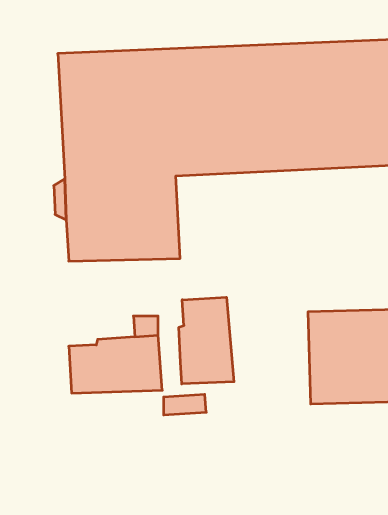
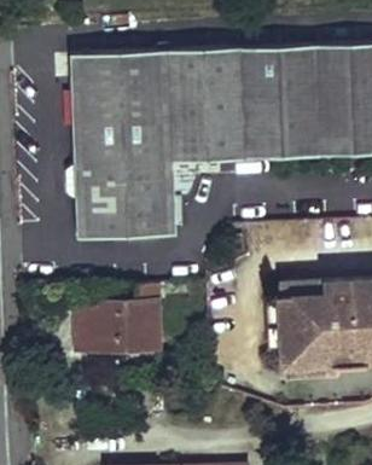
building: [179,297,234,384] -> none

